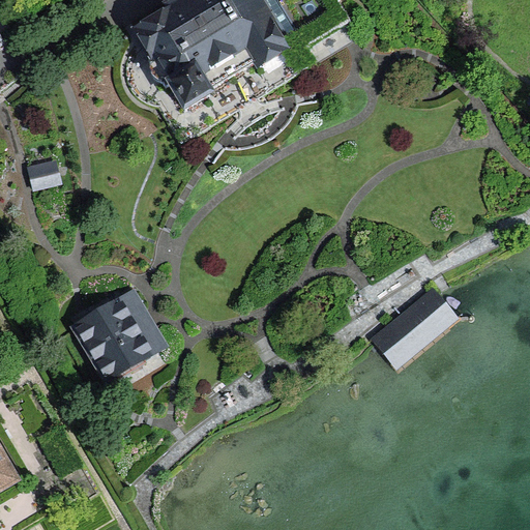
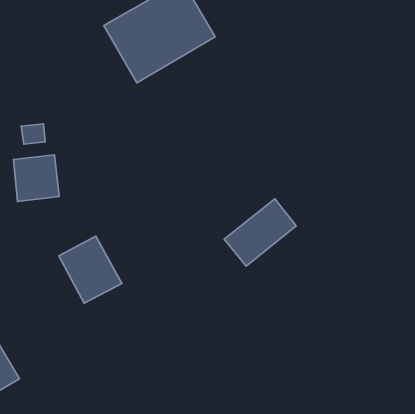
building: none -> [14,155,59,201]
building: [367,283,459,367] -> [224,199,296,266]

